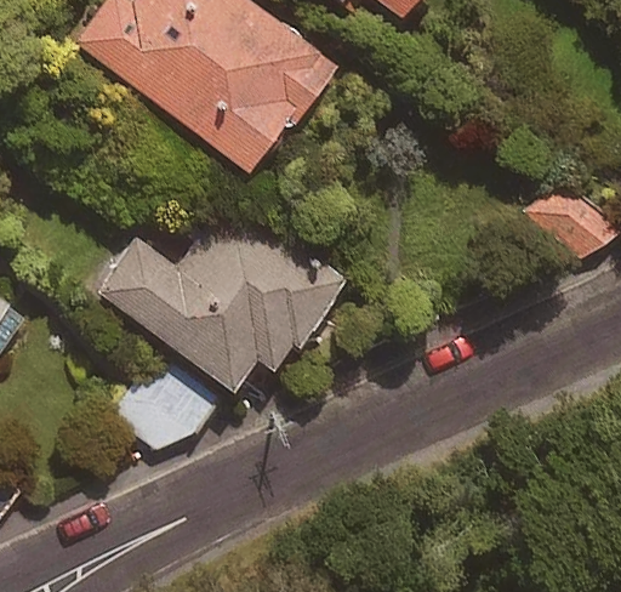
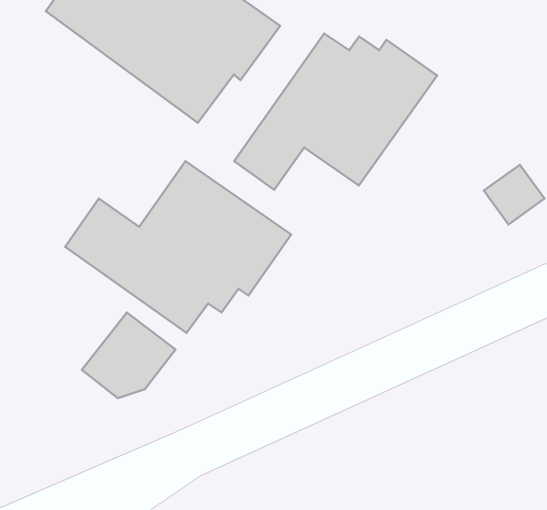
building: none -> [234,33,437,190]

